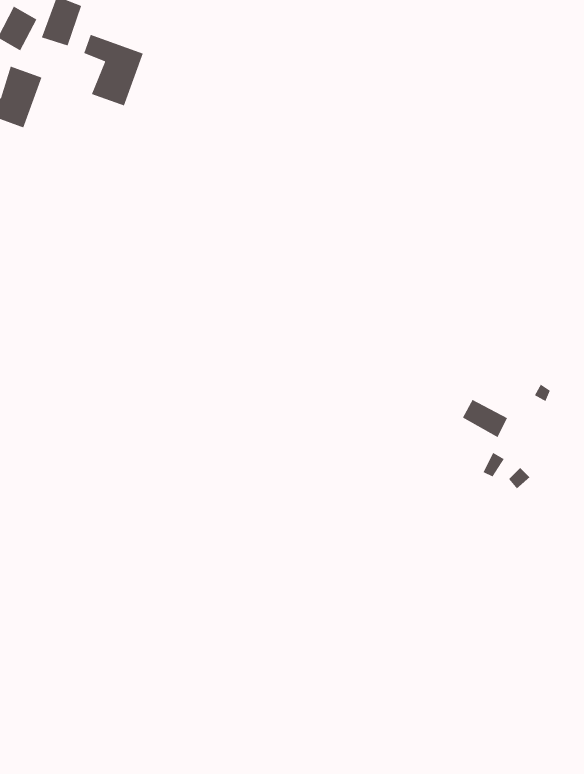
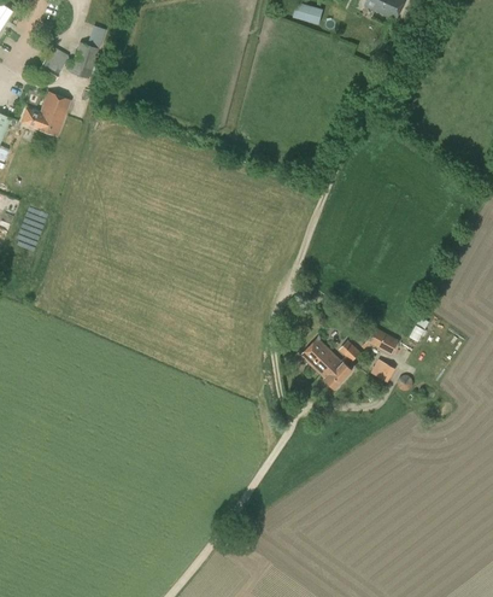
building: [83,34,144,106] -> none
building: none -> [301,338,362,387]

